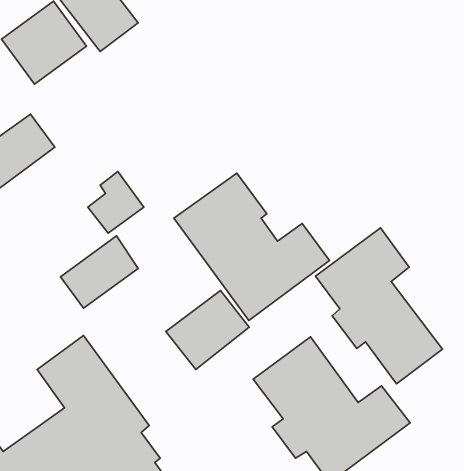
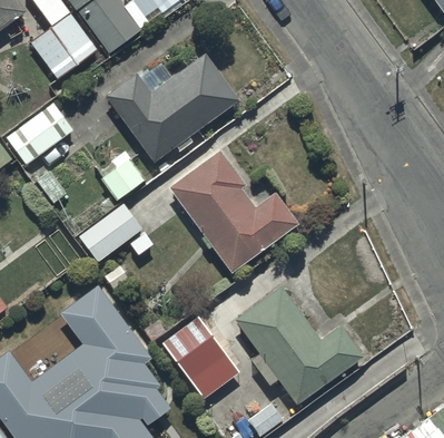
building: none -> [106,47,240,163]
building: [315,228,442,384] -> none
building: [166,290,249,370] -> [161,310,229,374]

